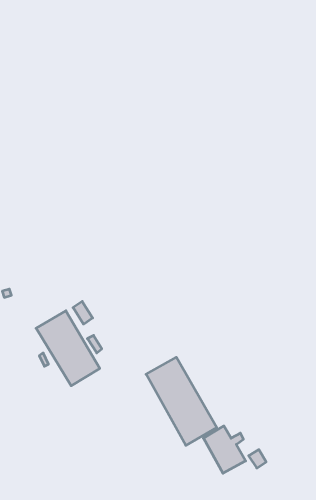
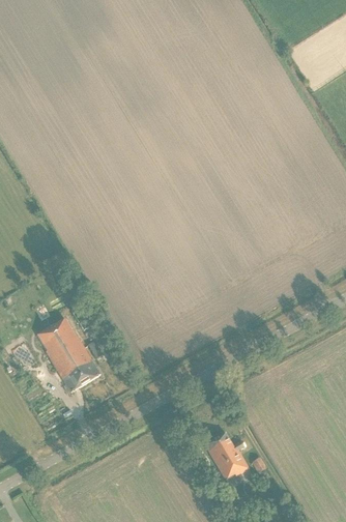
building: [146,357,217,445] -> none

